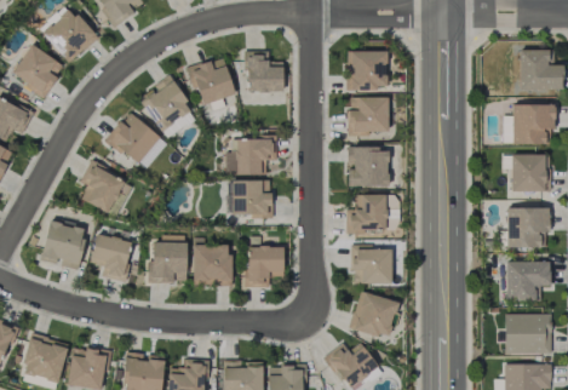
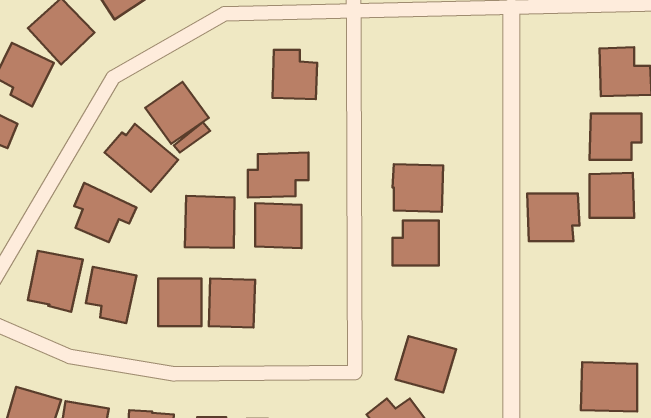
building: [346,50,386,90] -> none
building: [185,57,235,104] -> none
building: [348,97,388,134] -> none
building: none -> [185,196,234,248]
building: [506,207,550,247] -> [527,194,579,241]
building: [246,246,283,287] -> none
building: [351,246,391,282] -> none
building: [505,260,550,302] -> none

